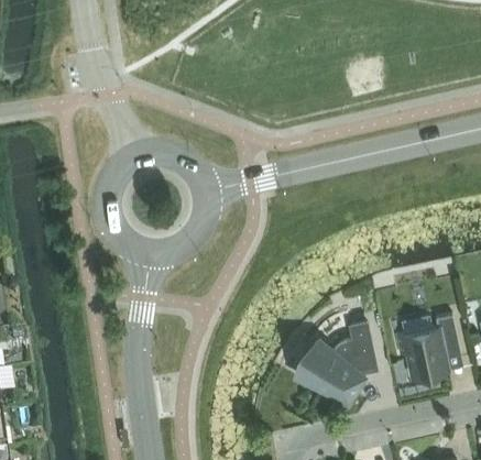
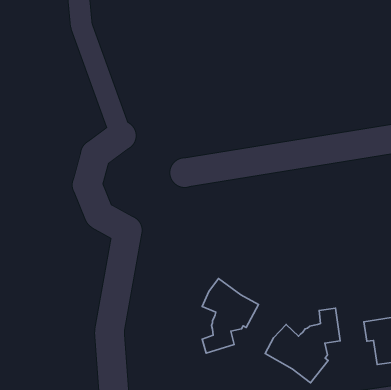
building: none -> [202,279,259,353]

